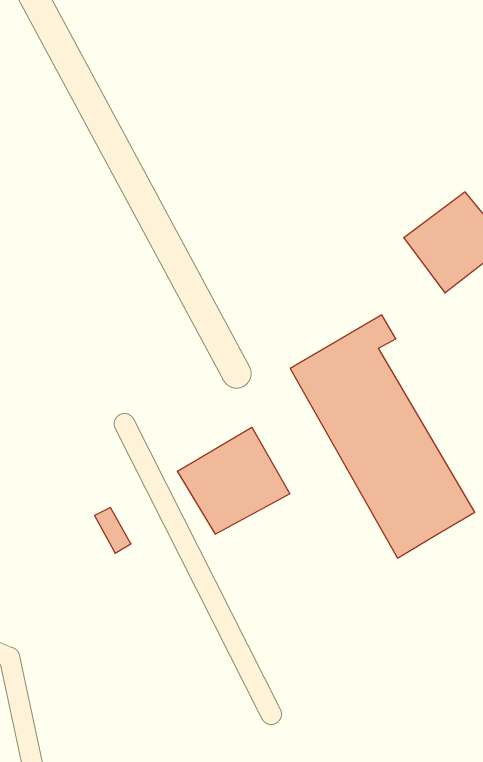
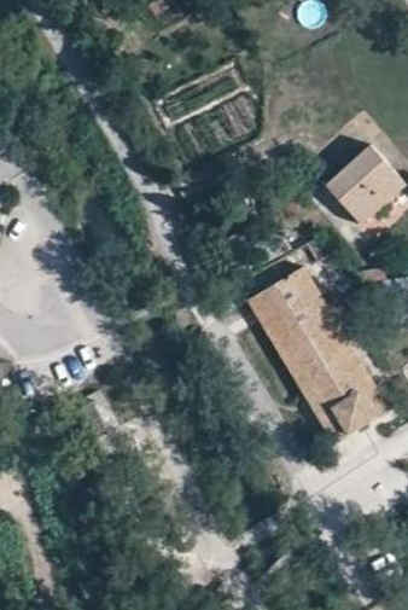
building: [177,427,290,534] -> none

